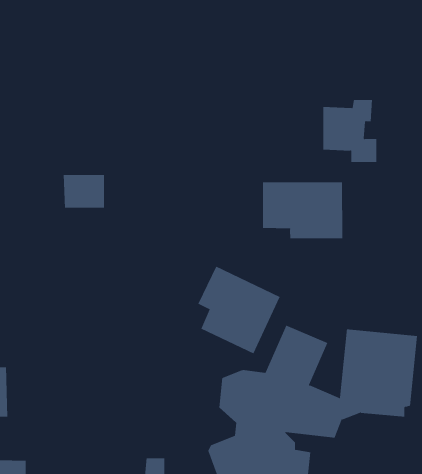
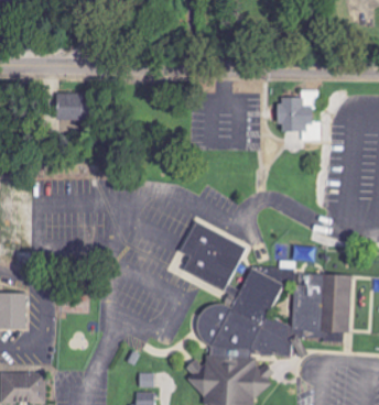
building: [63,175,105,208] -> [54,92,87,119]
building: [263,182,343,239] -> none

